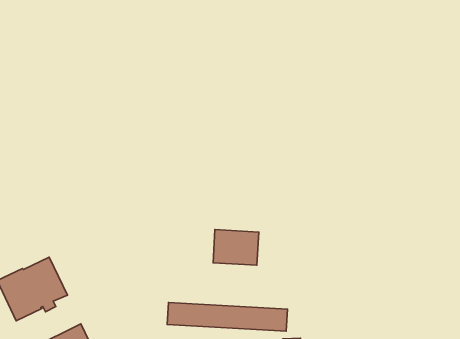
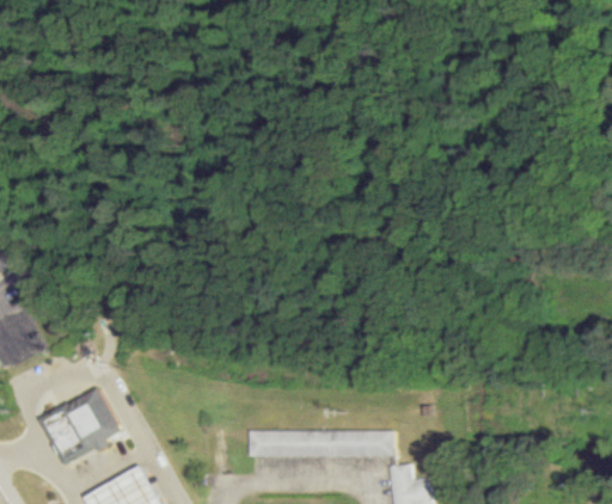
building: [213,230,259,265] -> none

